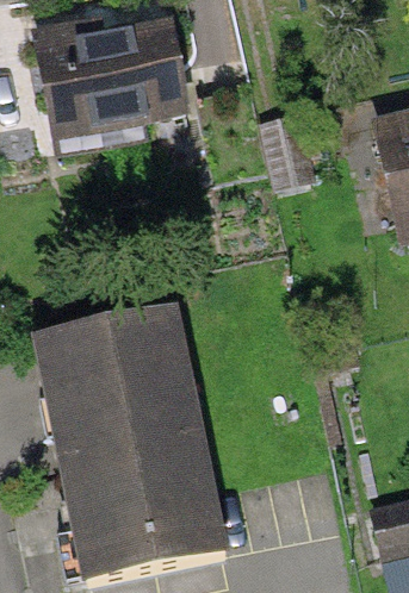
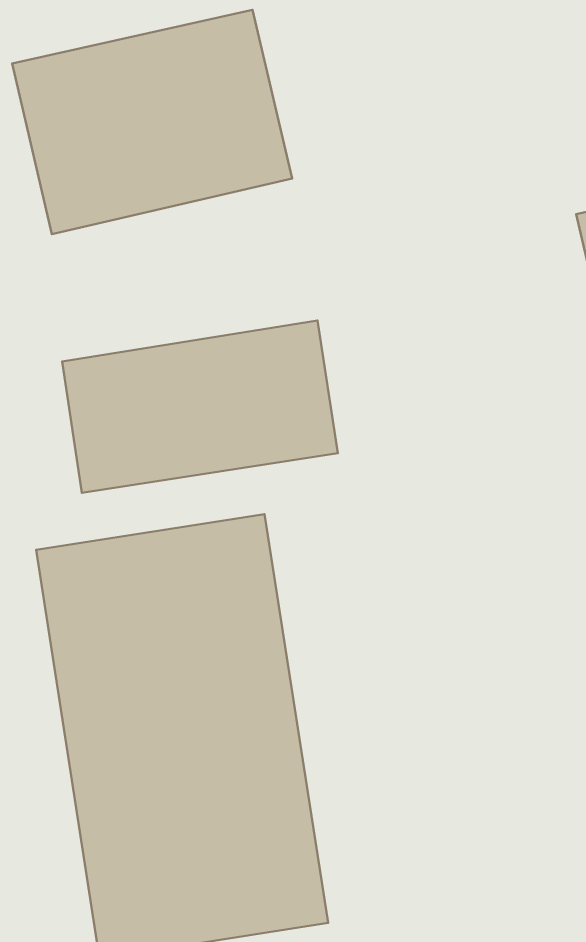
building: none -> [62,321,338,493]

